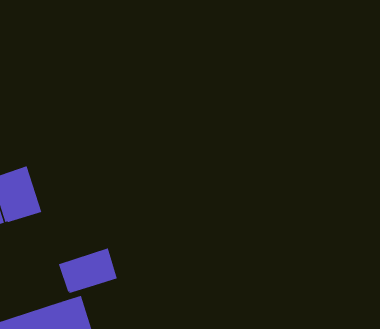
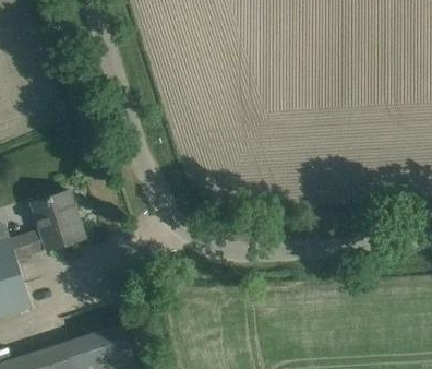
building: [58,247,117,294] -> none

